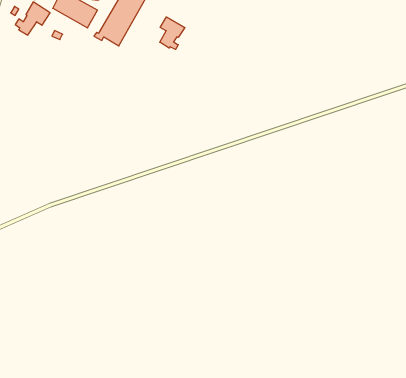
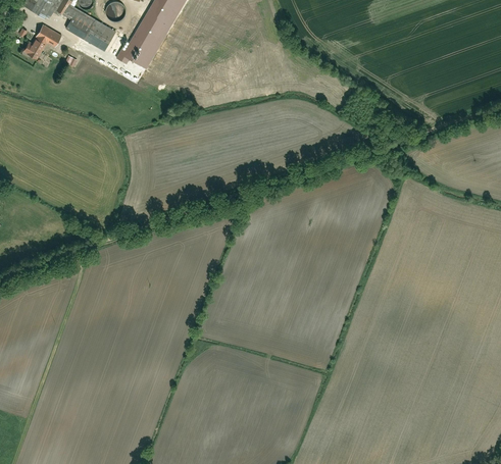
building: [160,17,185,49] -> none

